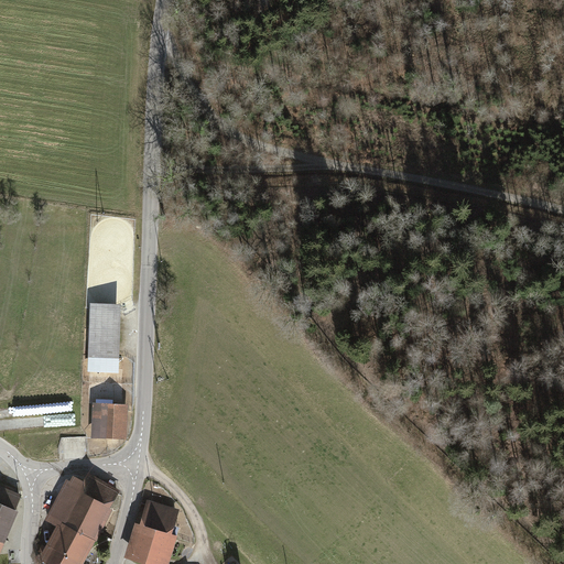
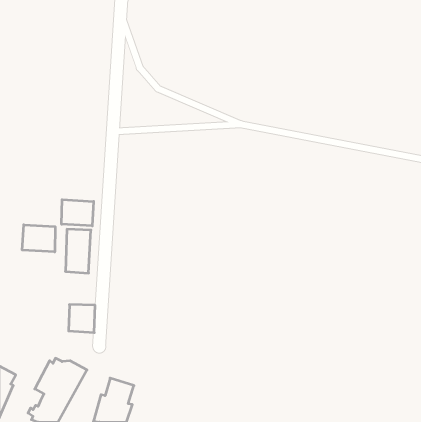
building: none -> [62,200,94,226]
building: none -> [22,225,55,252]

